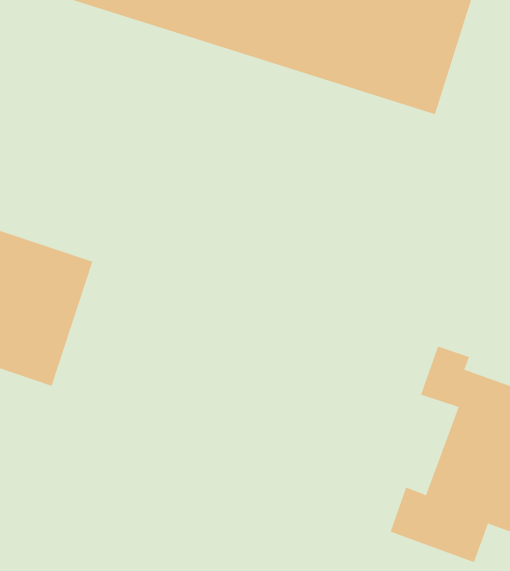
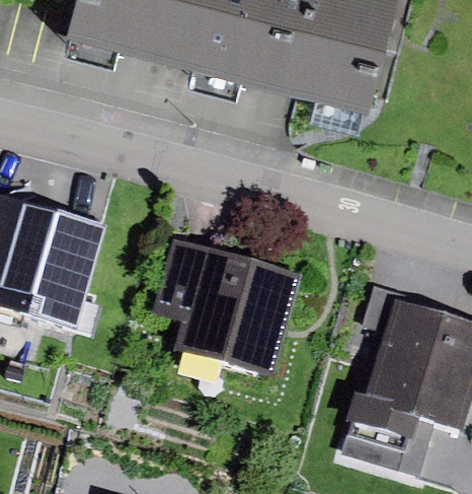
building: none -> [159,241,310,386]

